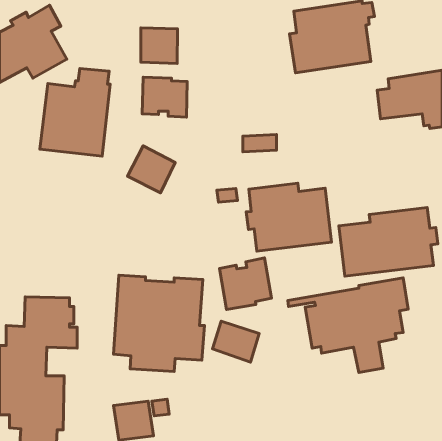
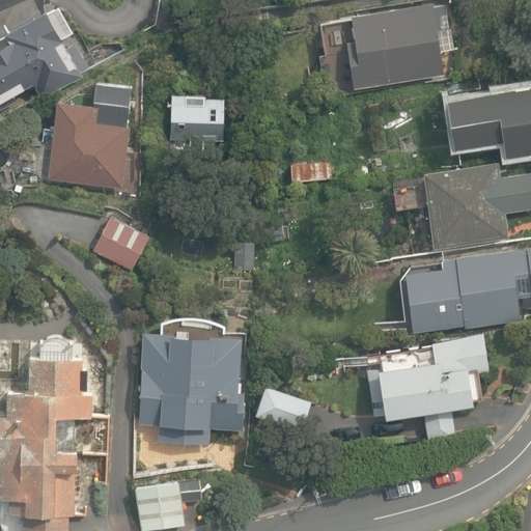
building: [141,28,177,63] -> none
building: none -> [408,164,507,249]
building: [128,146,175,193] -> [92,217,149,273]
building: [246,183,332,251] -> none
building: [219,258,271,310] -> none

